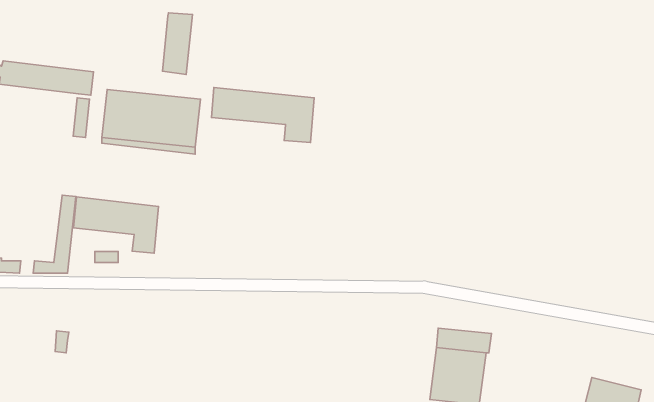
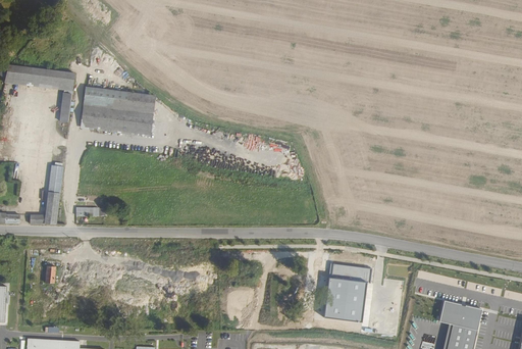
building: [163,13,192,74] -> none
building: [212,88,314,143] -> none
building: [73,197,159,253] -> none

